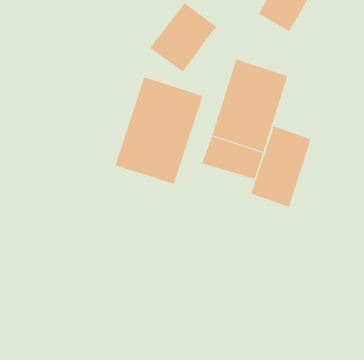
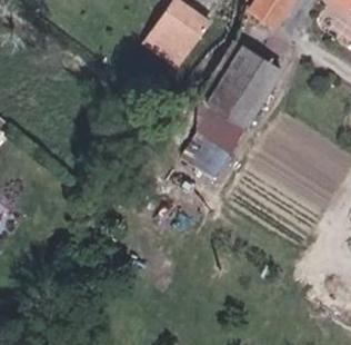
building: [115,77,203,185] -> none
building: [251,126,311,208] -> none

